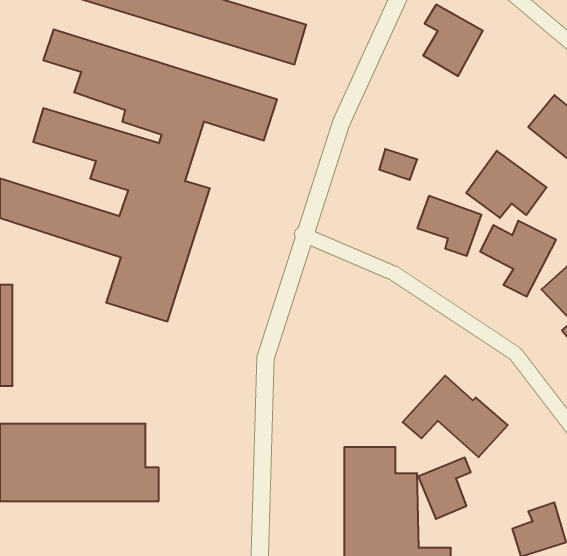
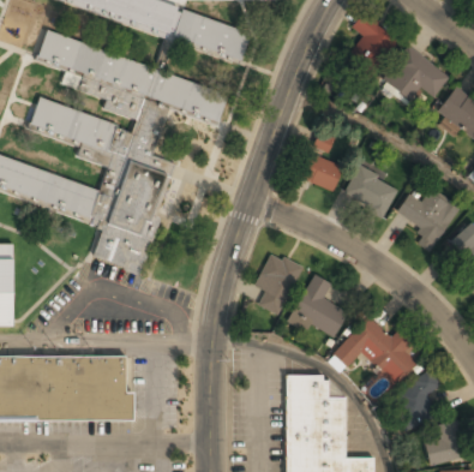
building: [466,151,547,218] -> [384,44,450,100]
building: none -> [298,153,346,191]
building: none -> [254,253,302,315]
building: none -> [289,275,348,337]
building: [418,458,471,519] -> [396,377,439,428]

